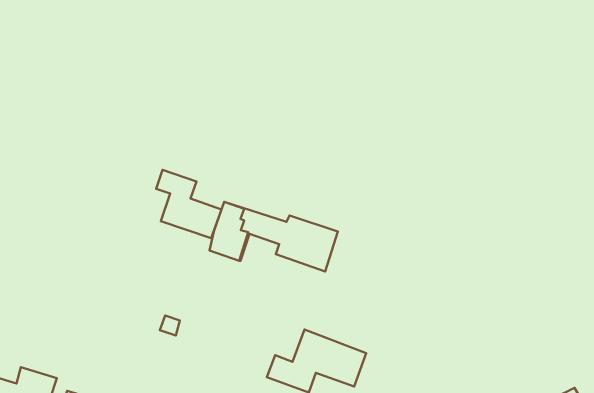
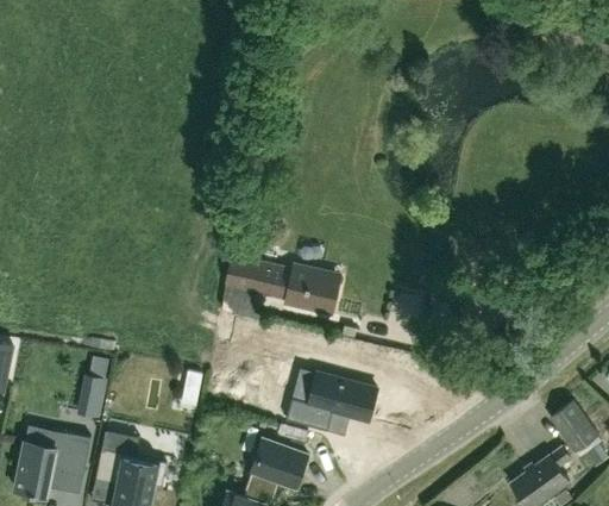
building: [156,170,221,238] -> none
building: none -> [77,376,105,417]

